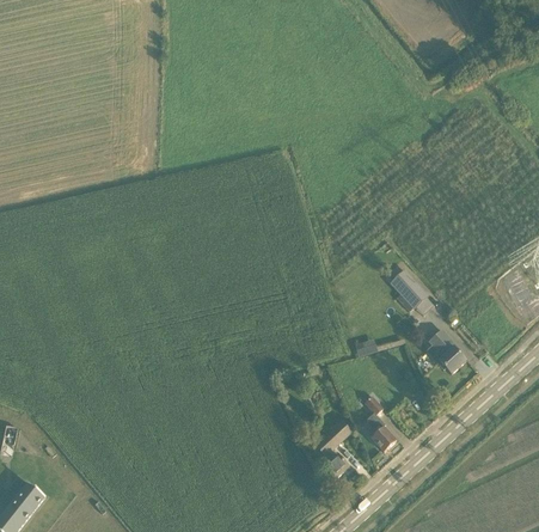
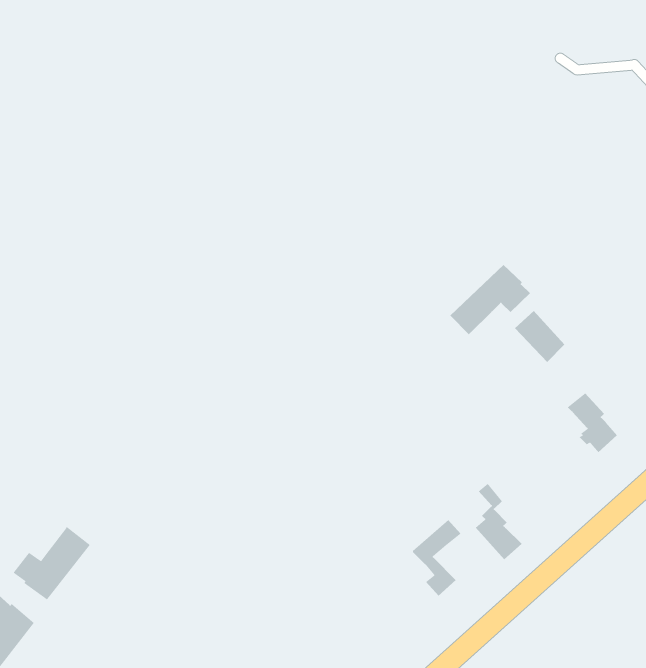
building: none -> [450,264,531,335]
building: none -> [12,526,91,600]

